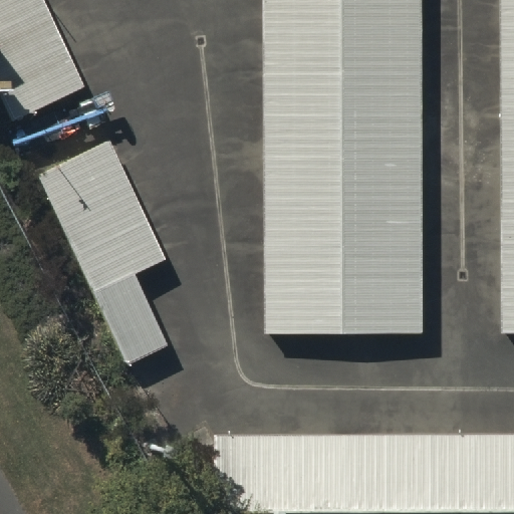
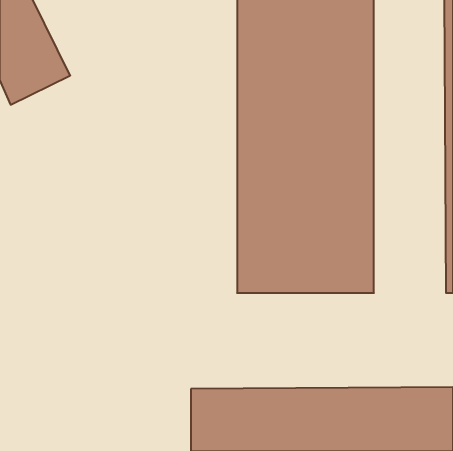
building: [36,140,166,362] -> none

